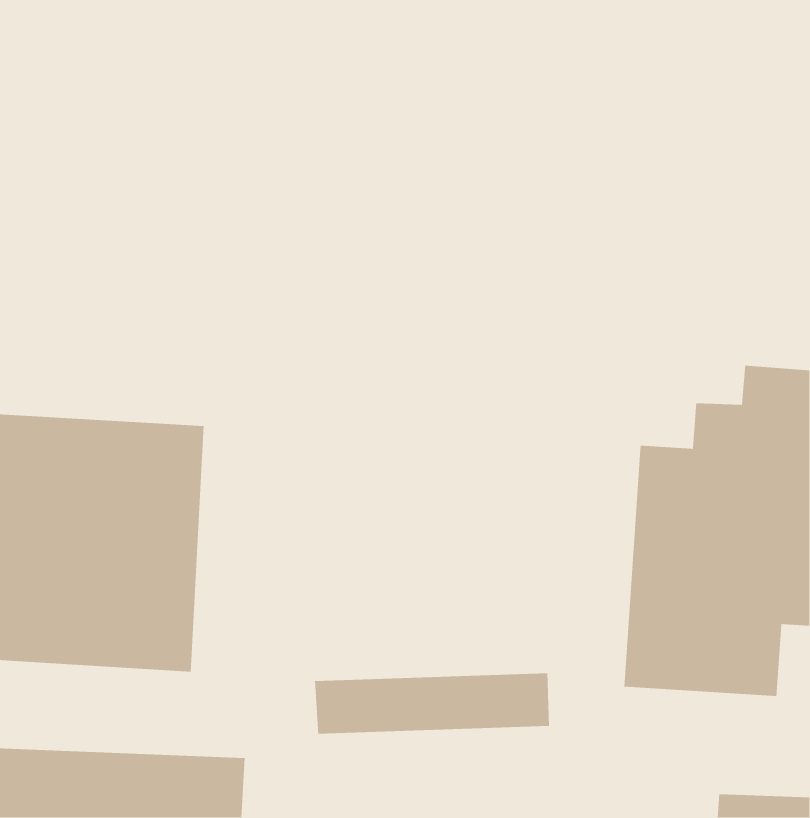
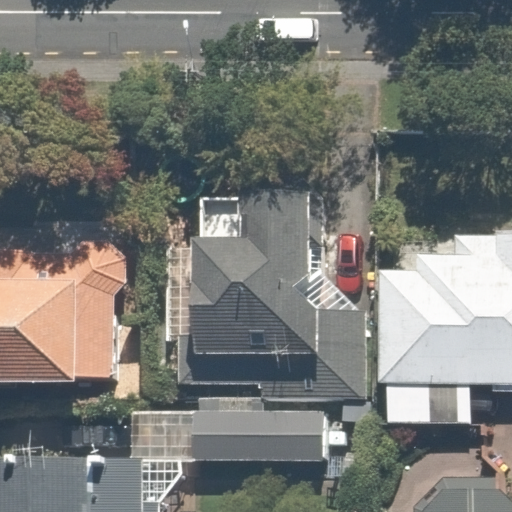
building: none -> [209,203,338,367]

